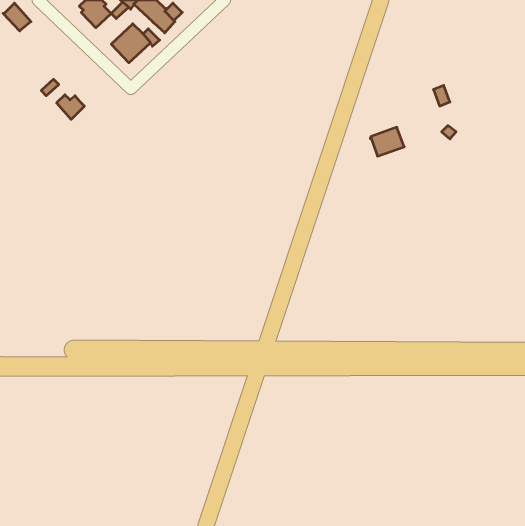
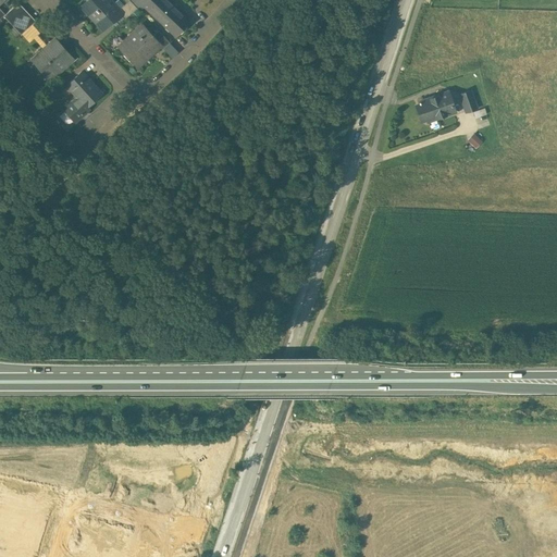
building: none -> [34,40,71,77]
building: none -> [66,71,100,108]
building: [370,127,404,156] -> [418,91,454,122]

